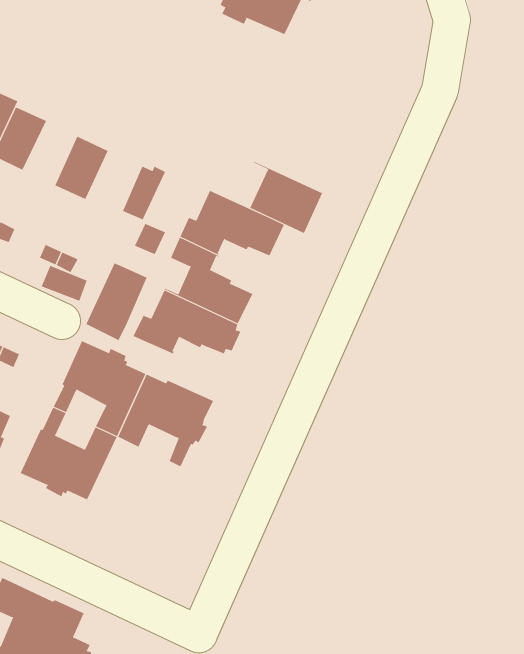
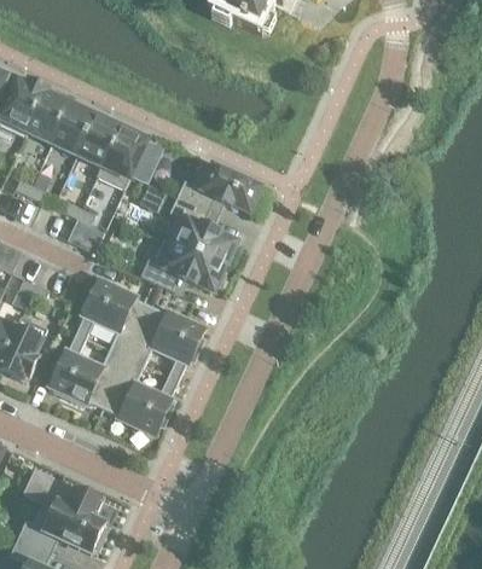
building: none -> [51,101,94,153]
building: [249,161,323,234] -> none
building: [86,263,147,341] -> [97,126,146,188]
building: none -> [103,355,178,432]

